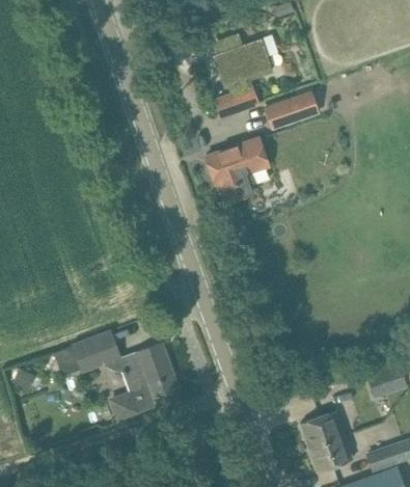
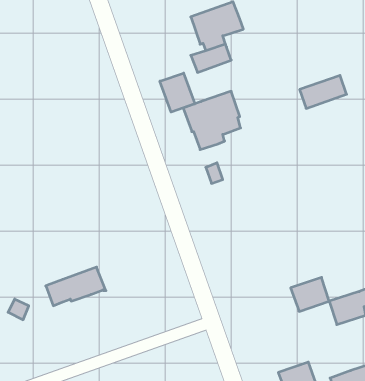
building: [265,93,317,130] -> [300,75,347,108]
building: none -> [160,73,195,112]
building: [112,344,180,420] -> none
building: [300,412,343,450] -> [291,277,329,311]

